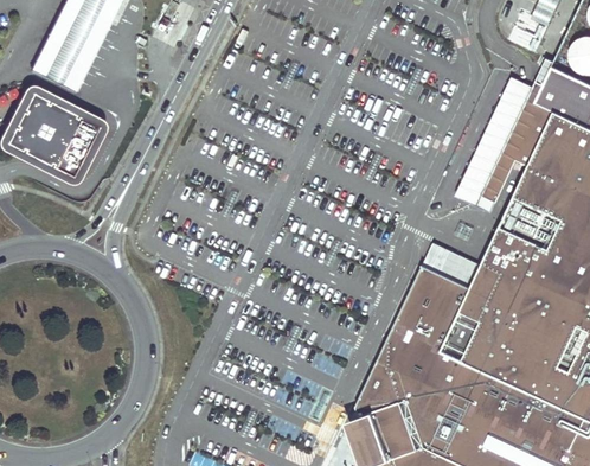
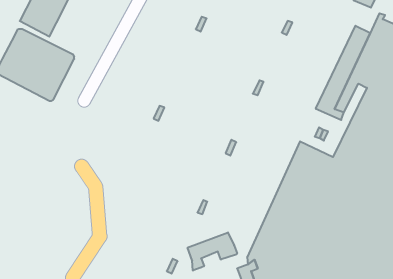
building: none -> [188,232,237,271]

